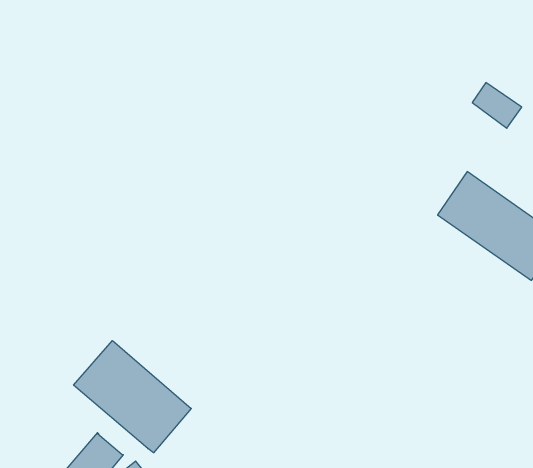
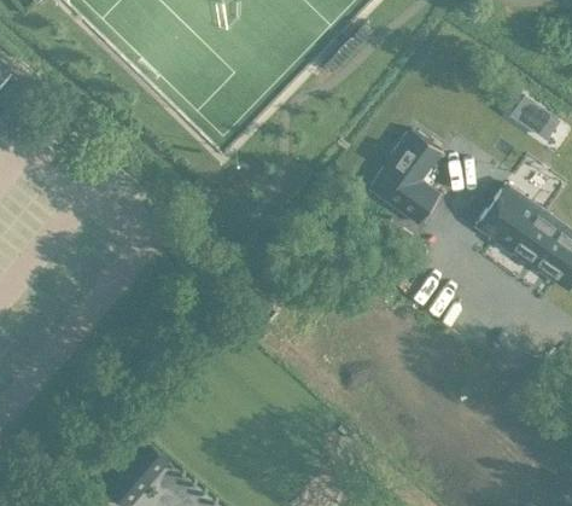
building: none -> [370,129,442,223]
building: [74,341,191,453] -> none

